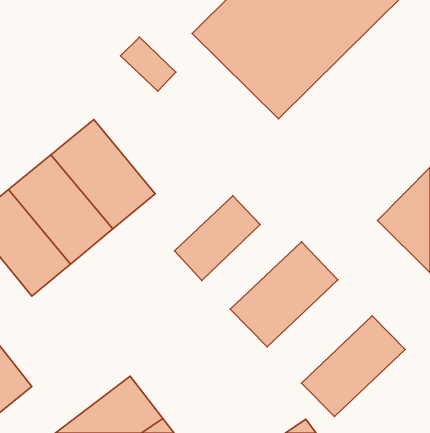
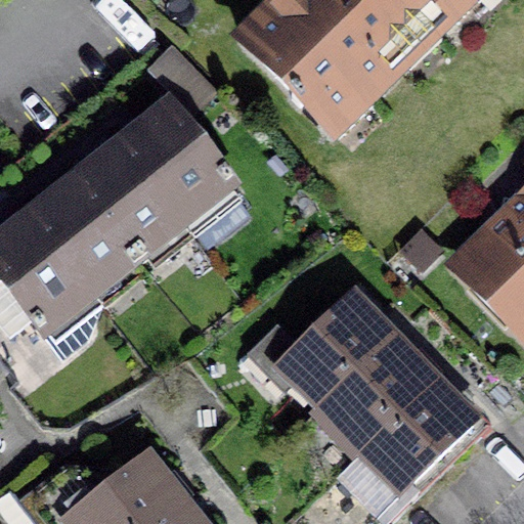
building: none -> [112,104,230,230]
building: [175,196,260,280] -> none
building: none -> [317,333,442,455]

